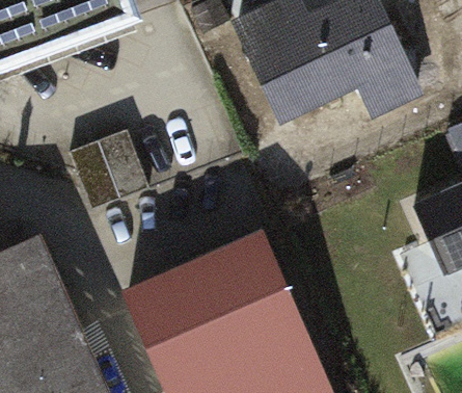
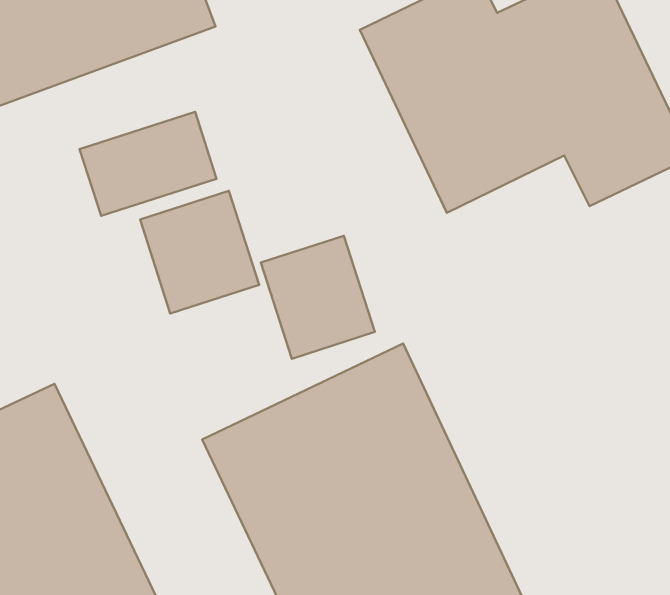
building: none -> [80,112,217,216]
building: none -> [261,236,375,359]

